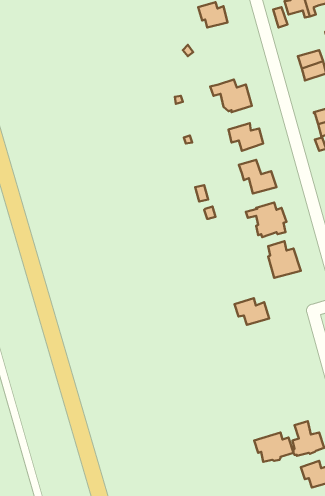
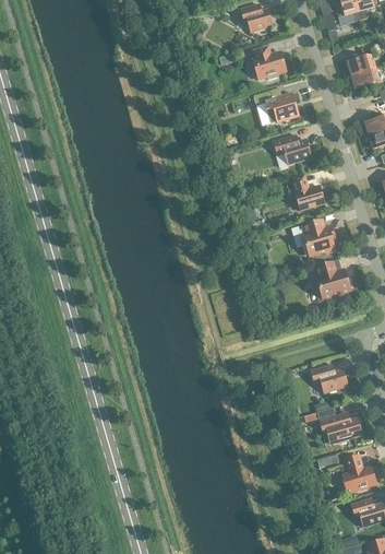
building: none -> [253,45,286,78]
building: [235,298,269,325] -> [311,363,348,391]
building: [254,432,294,462] -> [320,411,362,443]

